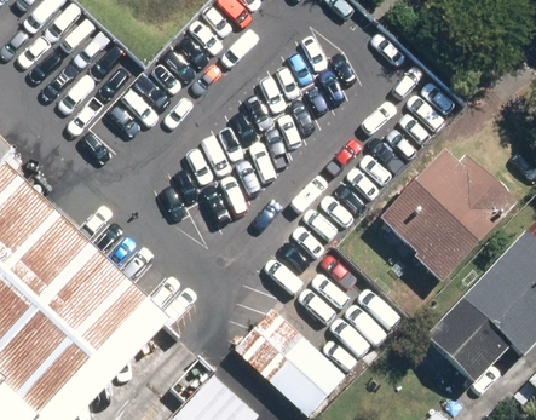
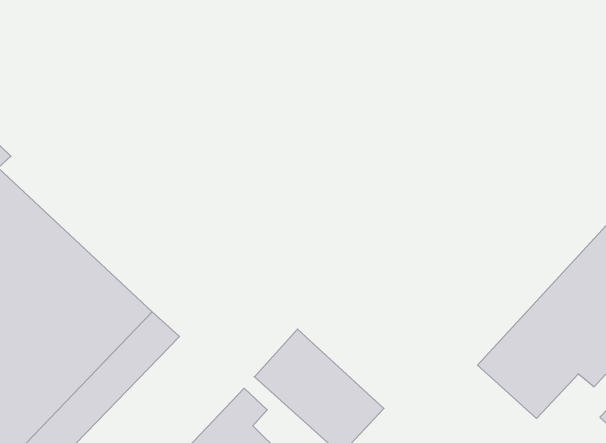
building: [375,153,515,286] -> none

